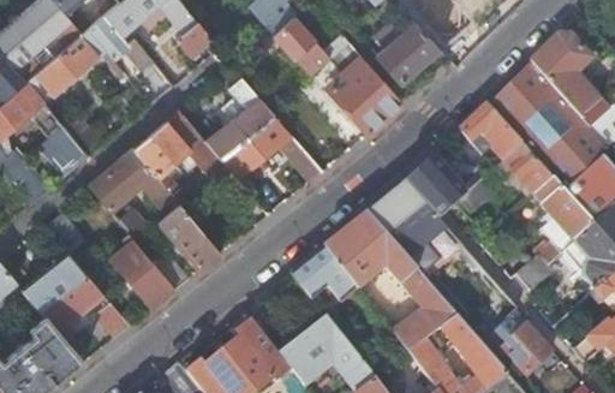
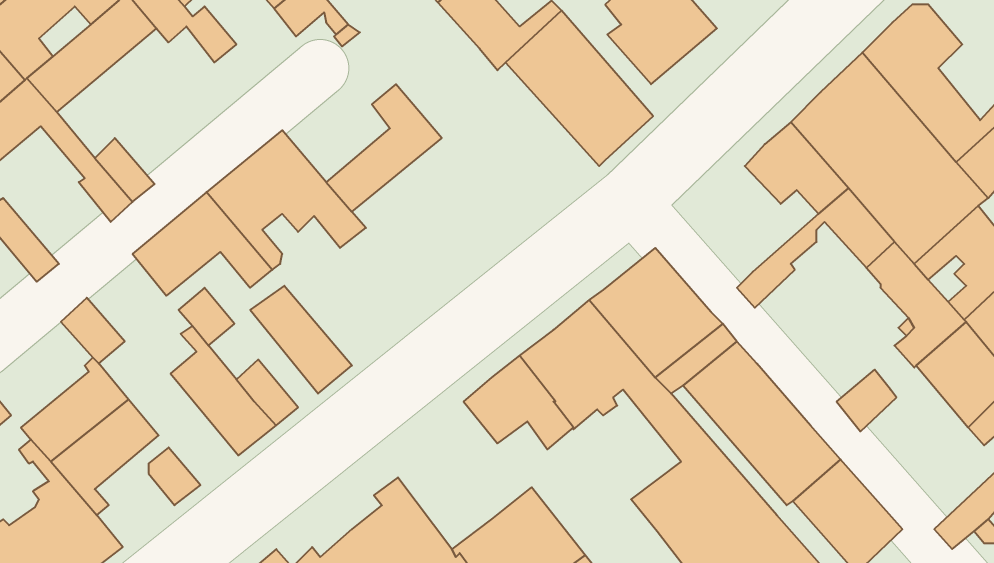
building: [222,115,323,191] -> none
building: [405,159,464,220] -> none

